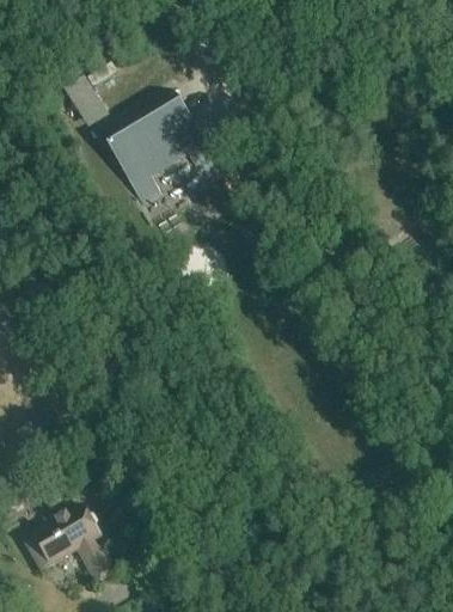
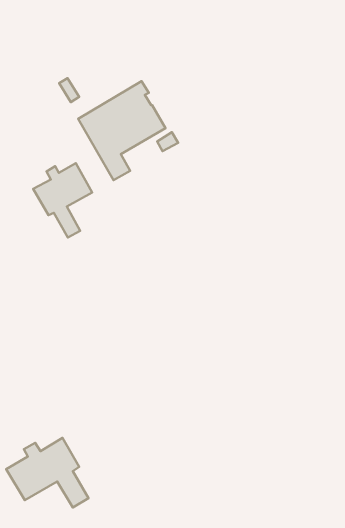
building: none -> [33,163,92,238]

